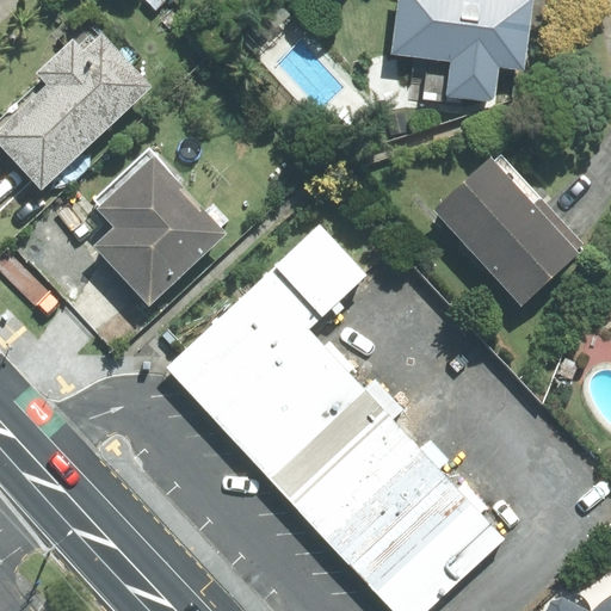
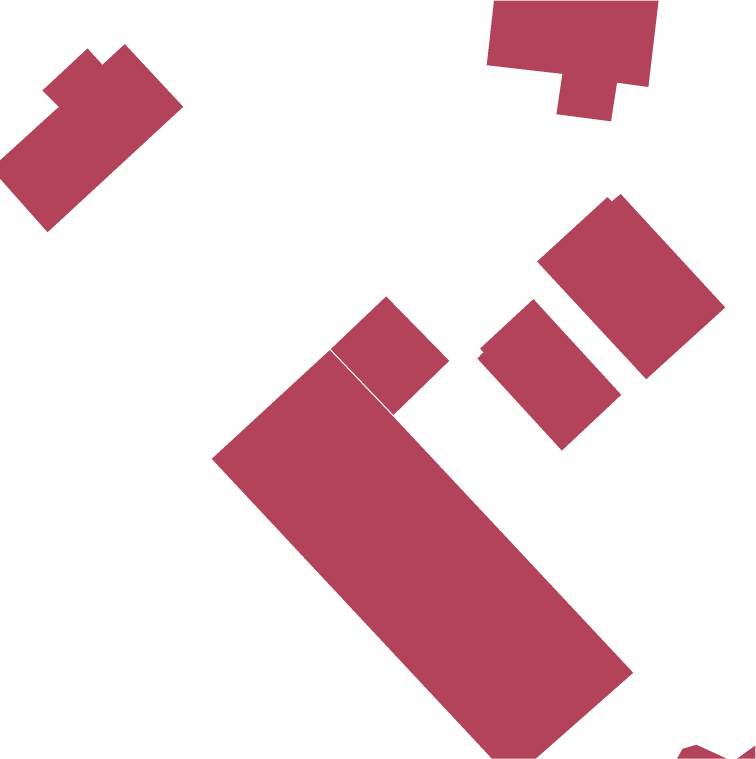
building: [93,152,223,303] -> none
building: none -> [476,298,622,451]

